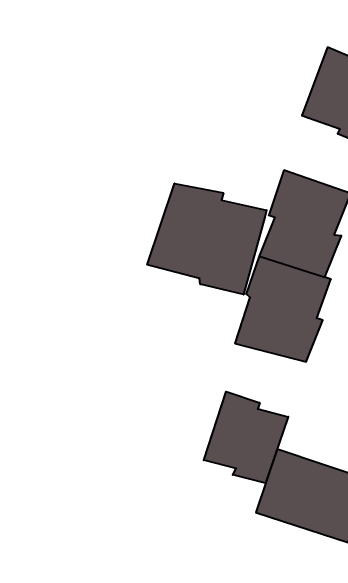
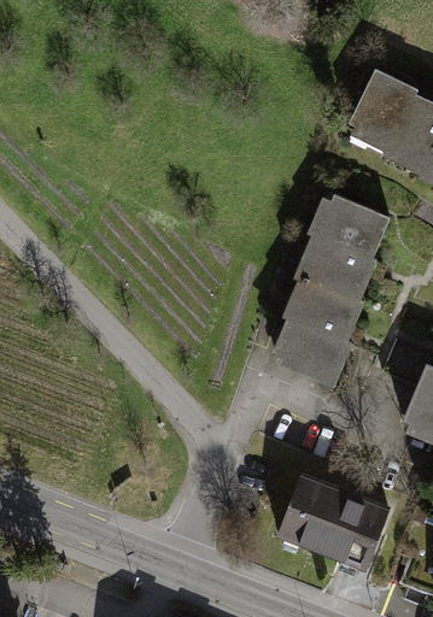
building: [147,183,267,295] -> none
building: [204,392,288,483] -> none

